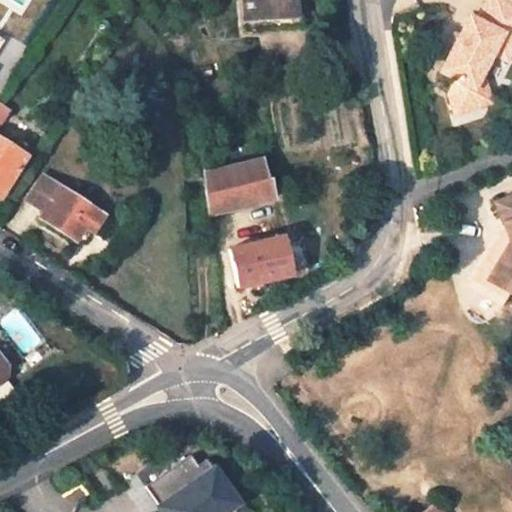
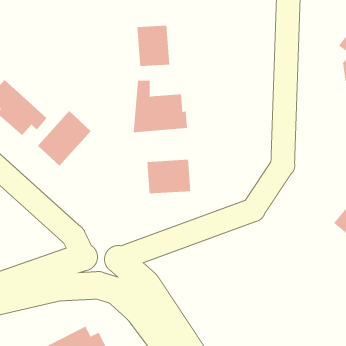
building: none -> [137,25,170,67]
building: none -> [37,110,91,167]

